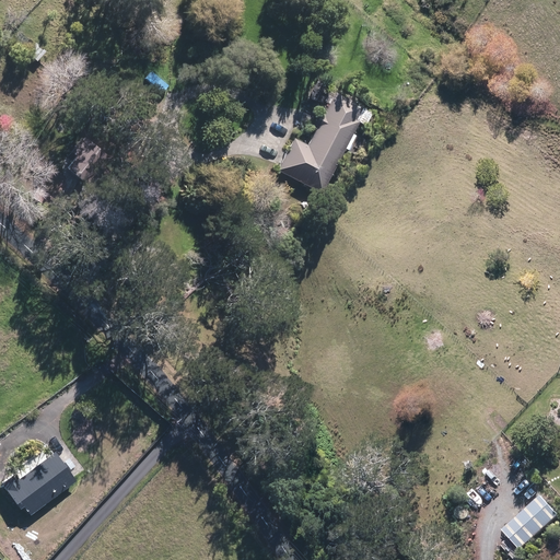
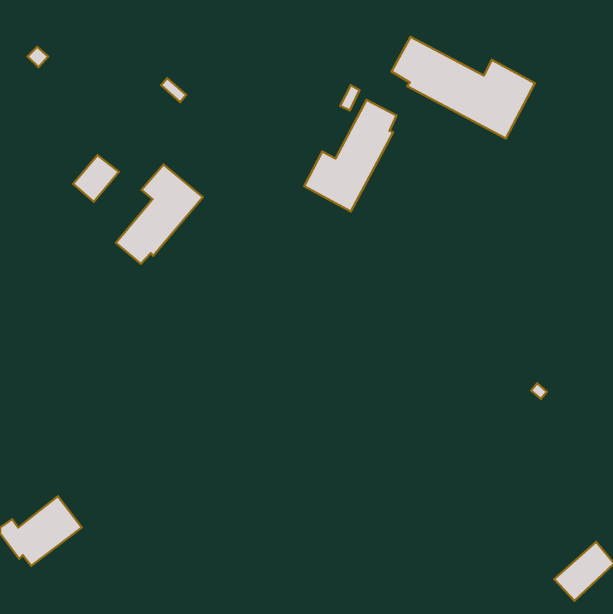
building: none -> [392,37,535,138]
building: none -> [116,165,203,264]

